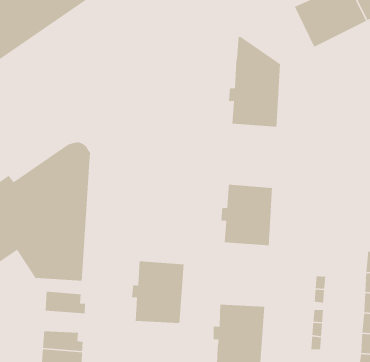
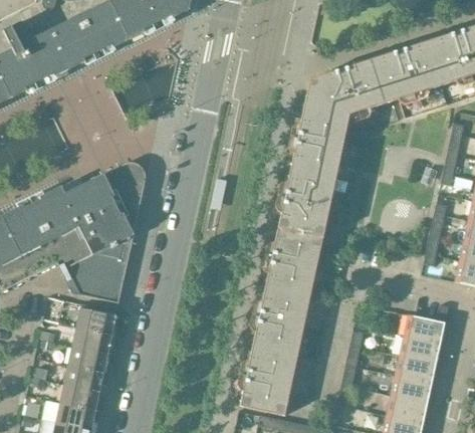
building: none -> [311,58,385,114]
building: none -> [278,167,336,236]
building: [131,261,185,324] -> [253,284,311,354]
building: none -> [73,327,117,353]

